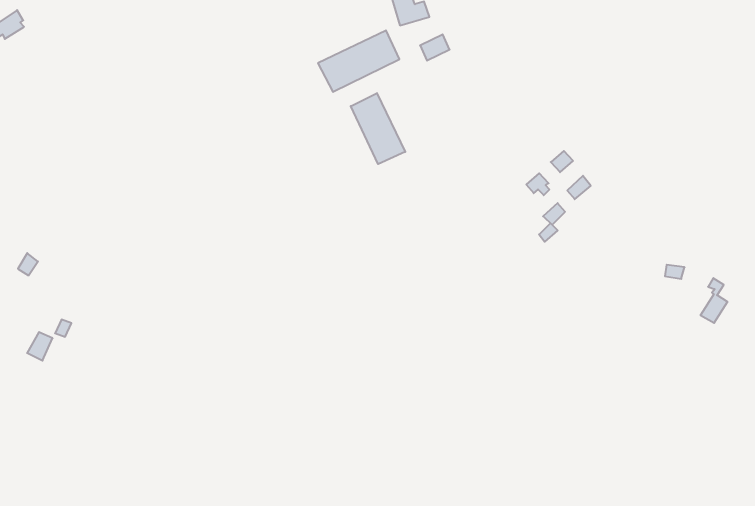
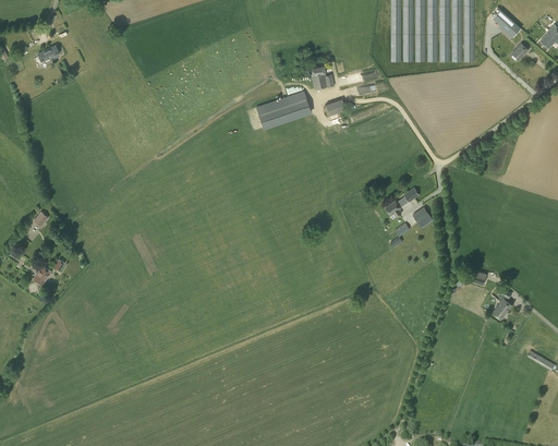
building: [351,93,405,164] -> none

